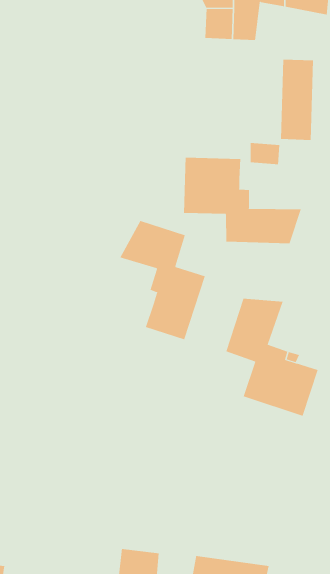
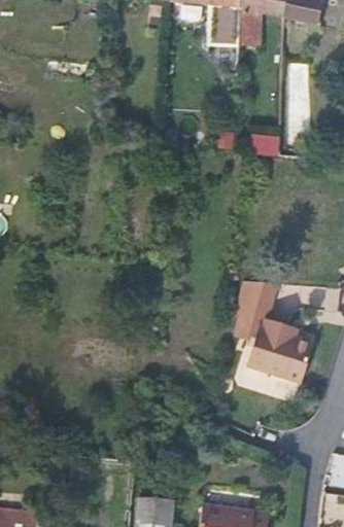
building: [184,157,301,244] -> none
building: [120,220,205,340] -> none

